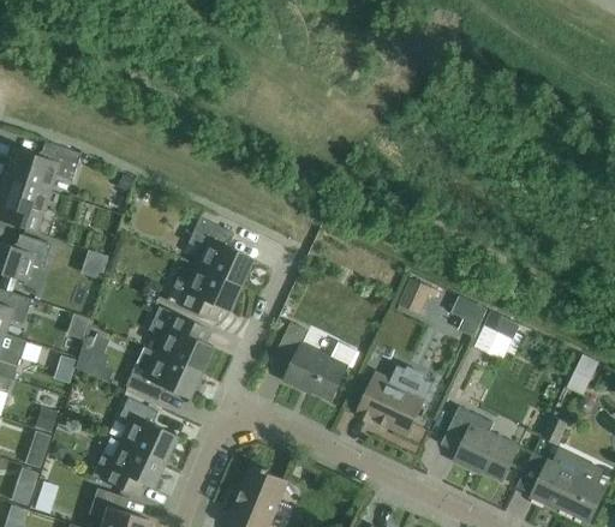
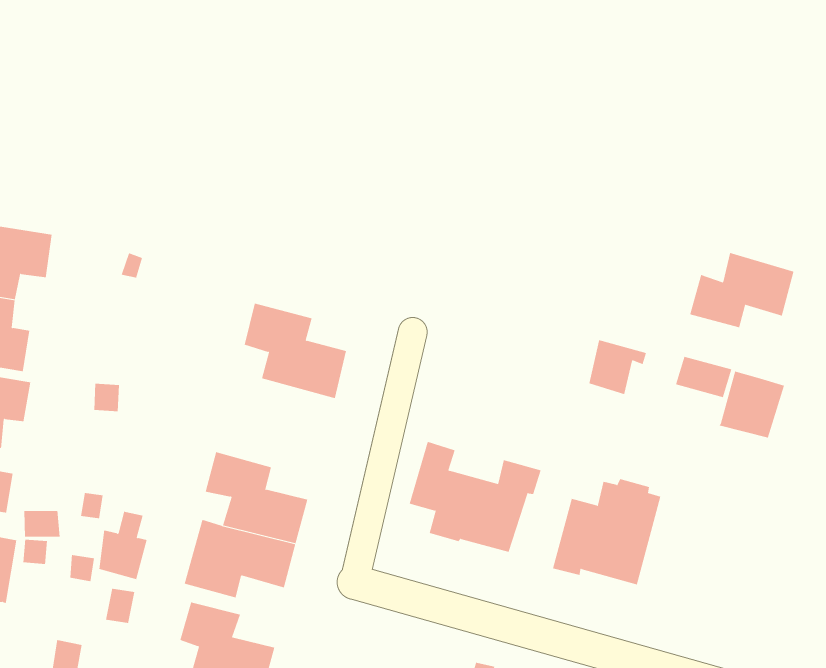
building: none -> [690,252,794,328]
building: [167,267,239,315] -> none
building: [441,407,519,481] -> none

